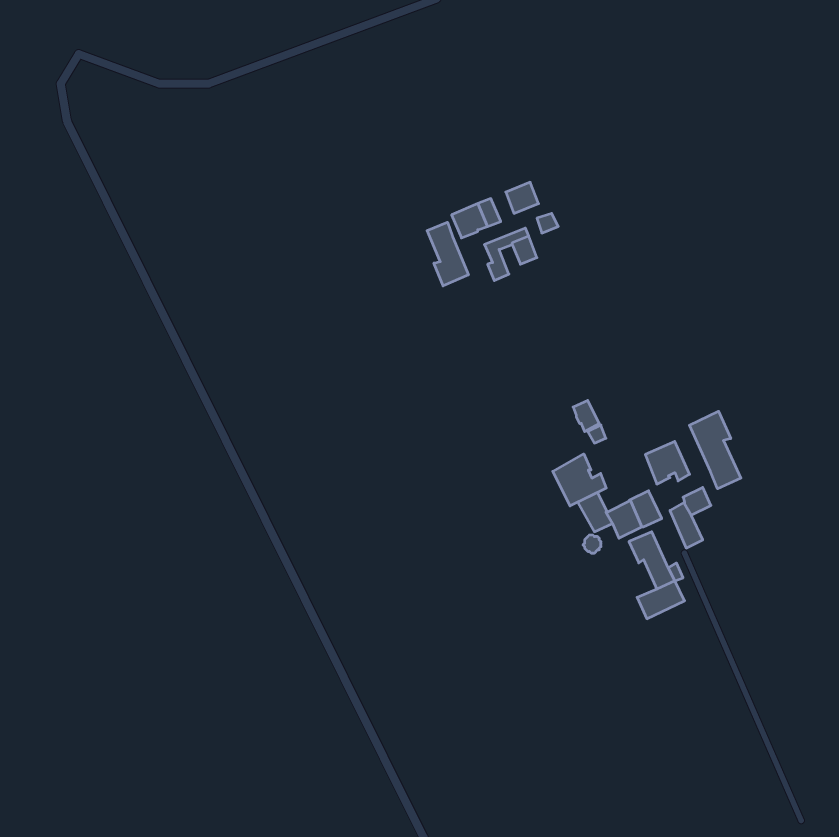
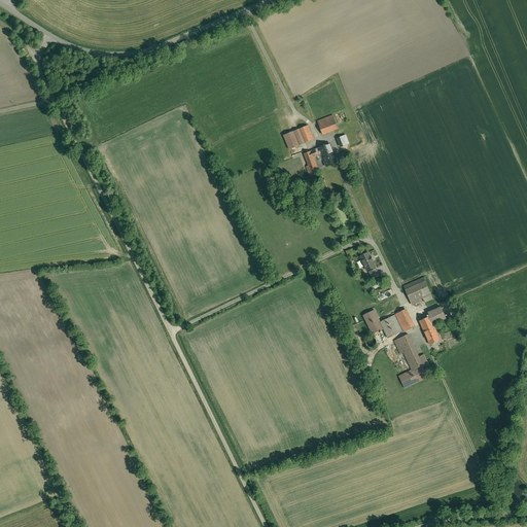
building: [427,222,468,286] -> none
building: [689,411,741,489] -> none
building: [553,454,606,506] -> none

